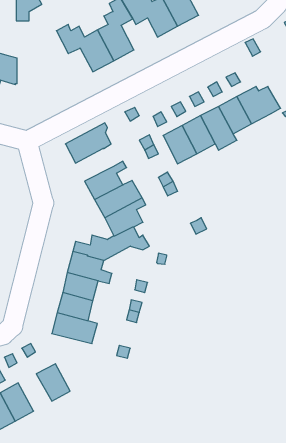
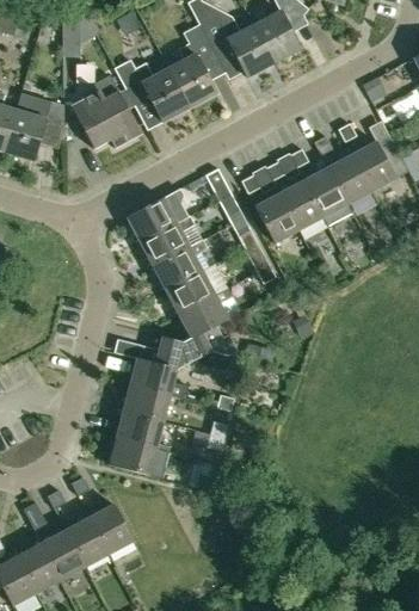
building: none -> [75,78,136,148]
building: none -> [140,215,193,265]
building: none -> [64,517,109,566]

